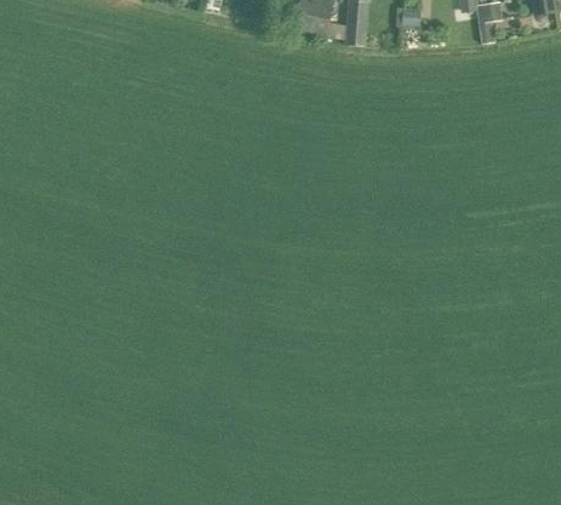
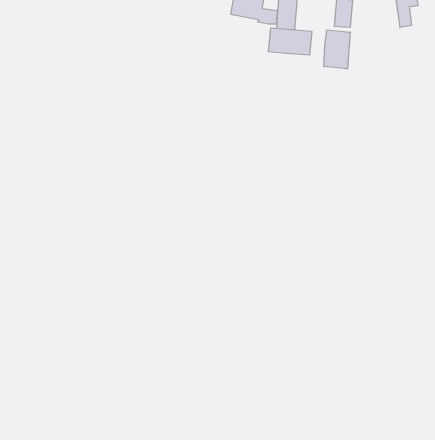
building: none -> [268,28,312,55]
building: none -> [324,30,350,69]

